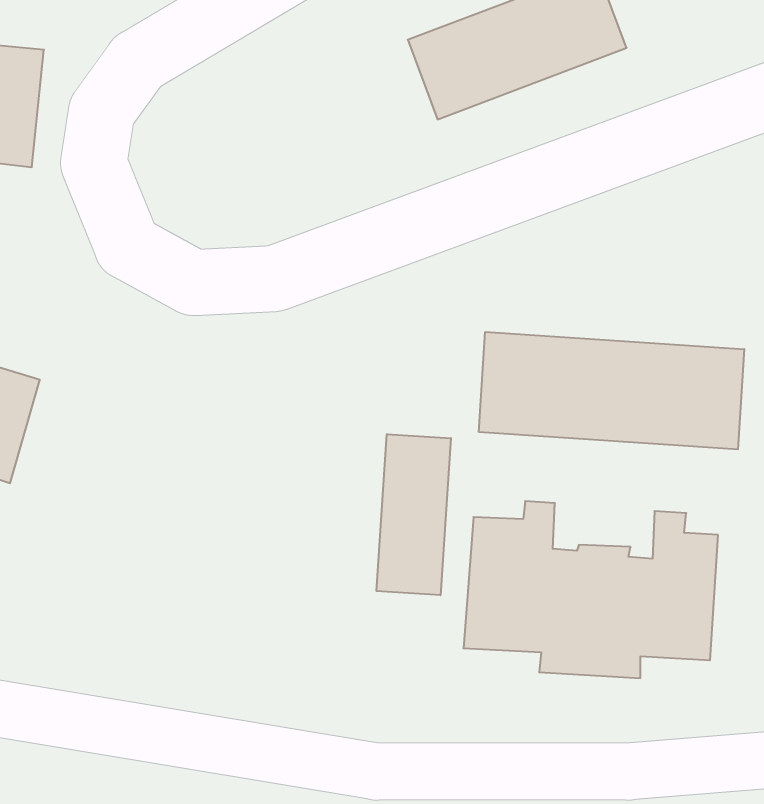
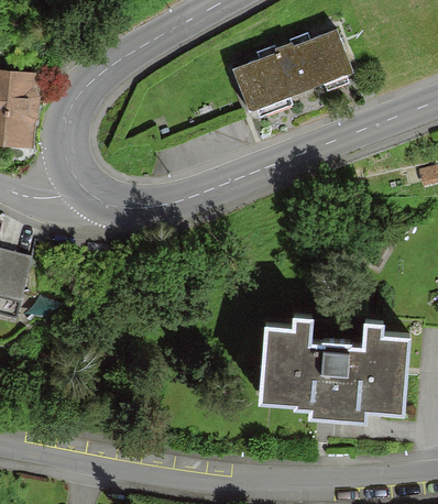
building: [479,332,744,449] -> none
building: [376,434,451,595] -> none

